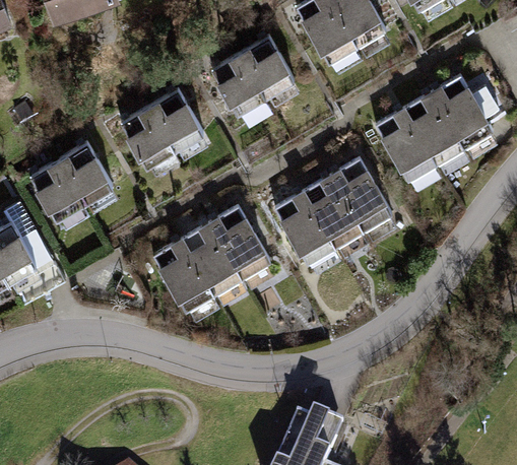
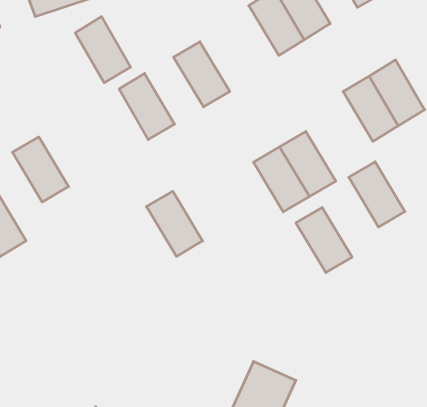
building: [239,32,302,107] -> none
building: [119,104,181,178] -> [75,17,131,83]
building: [370,107,433,180] -> [349,162,405,227]
building: [58,139,121,213] -> none
building: [269,186,332,259] -> [296,207,352,273]
building: [208,200,271,274] -> none
building: [149,236,212,309] -> none

